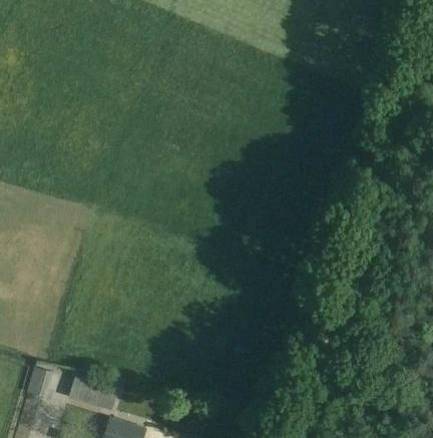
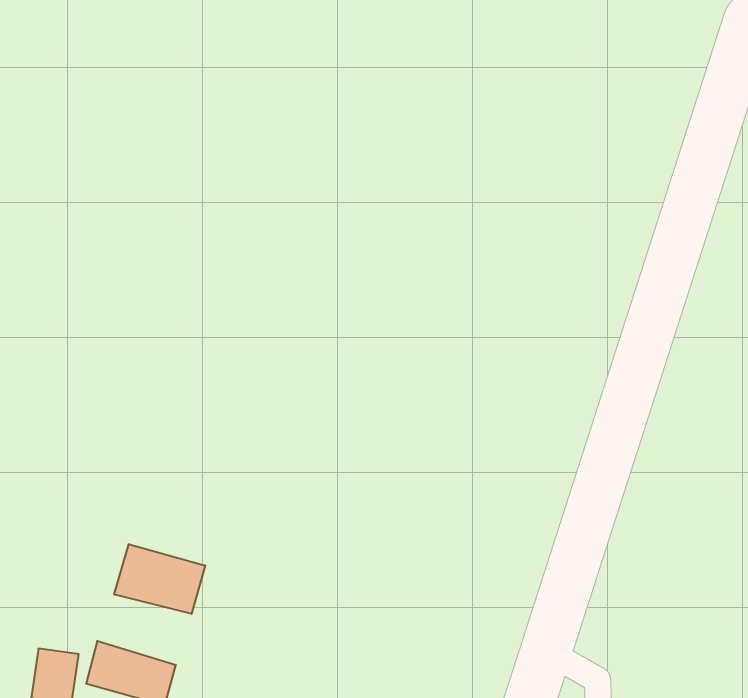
building: none -> [114,544,205,614]

